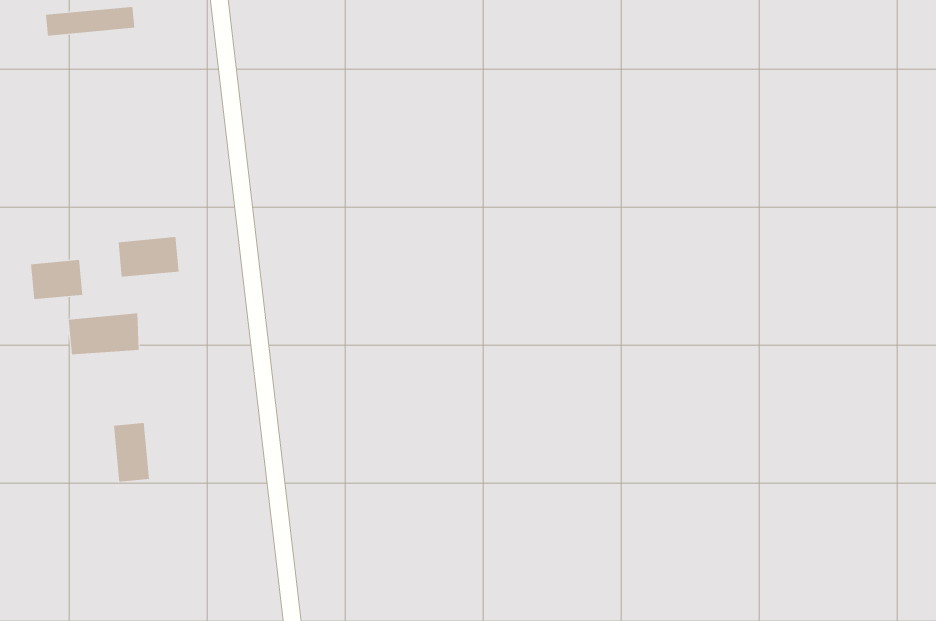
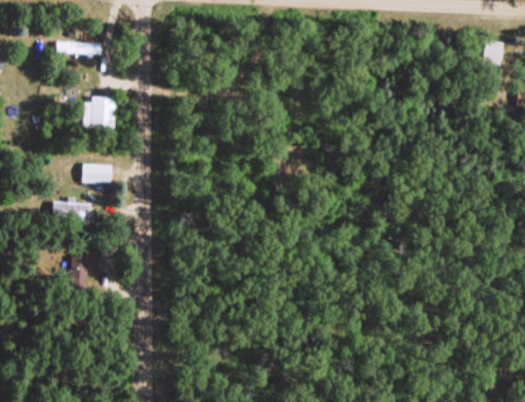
building: none -> [84,97,115,127]
building: [31,259,83,300] -> none

